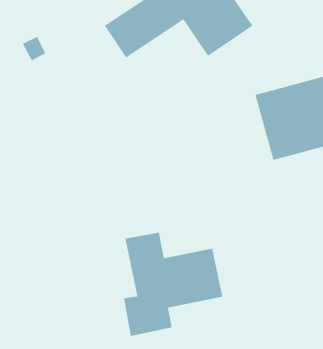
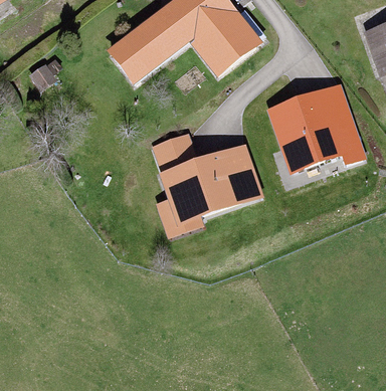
building: [123,232,223,337] -> [151,139,253,245]

